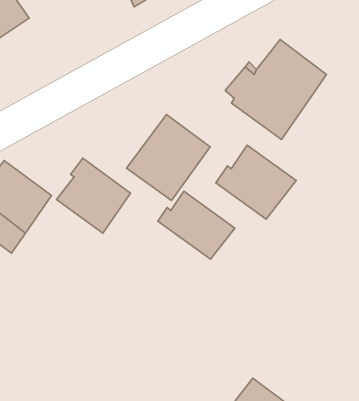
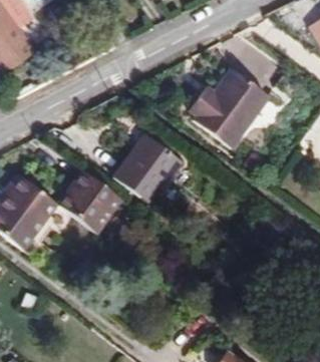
building: [216,145,296,219] -> none
building: [158,191,235,259] -> none

